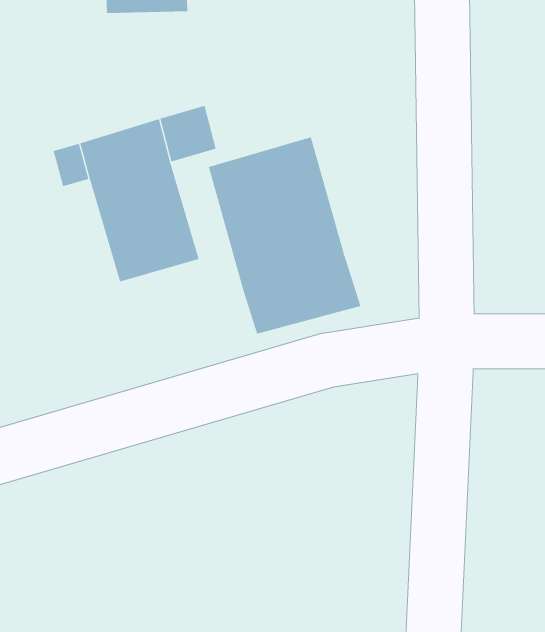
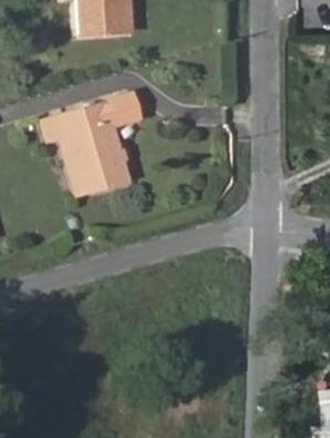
building: [208,136,361,335] -> none

